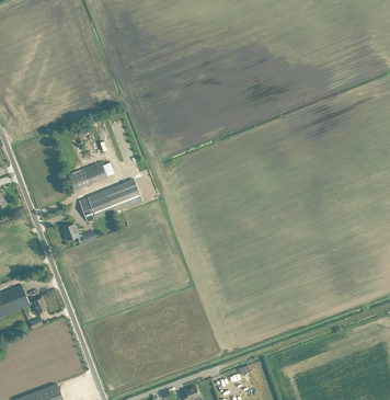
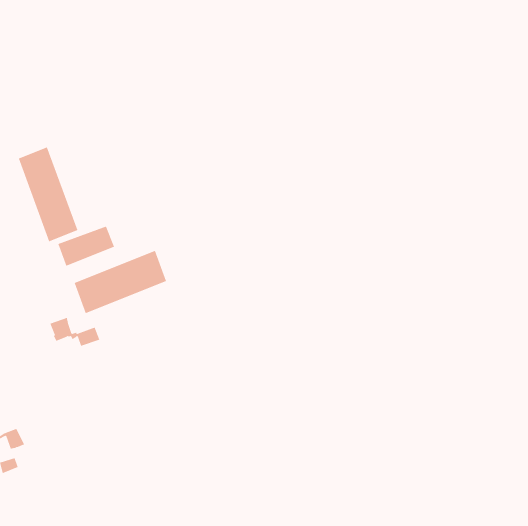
building: none -> [18,146,78,242]

